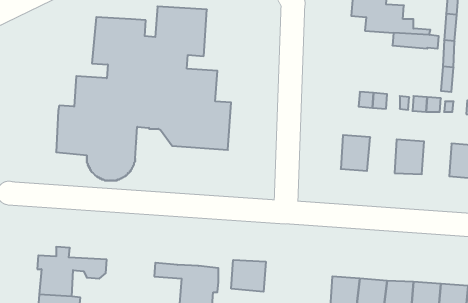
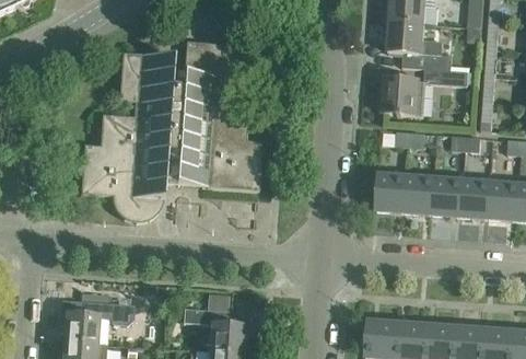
building: none -> [382,79,423,116]
building: none -> [402,177,433,215]
building: none -> [459,182,490,218]
building: [231,260,266,292] -> none

